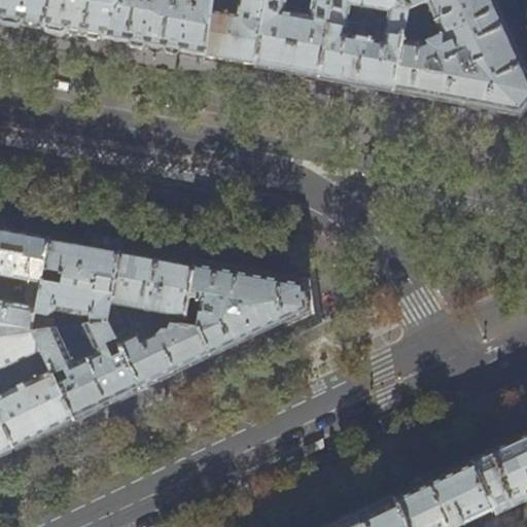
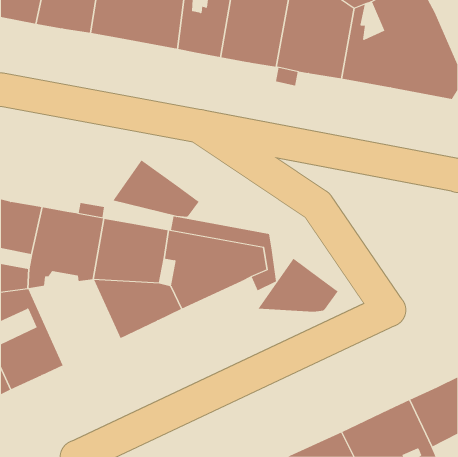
building: none -> [112,159,200,217]
building: none -> [257,258,338,313]
building: [33,321,138,420] -> none

